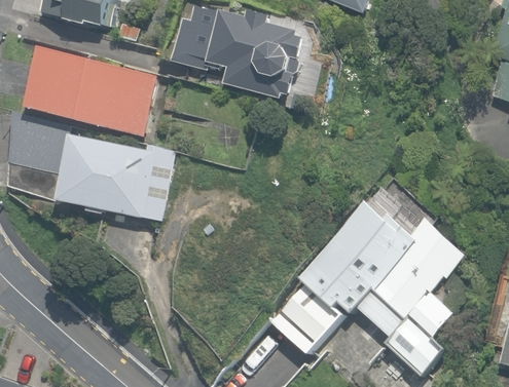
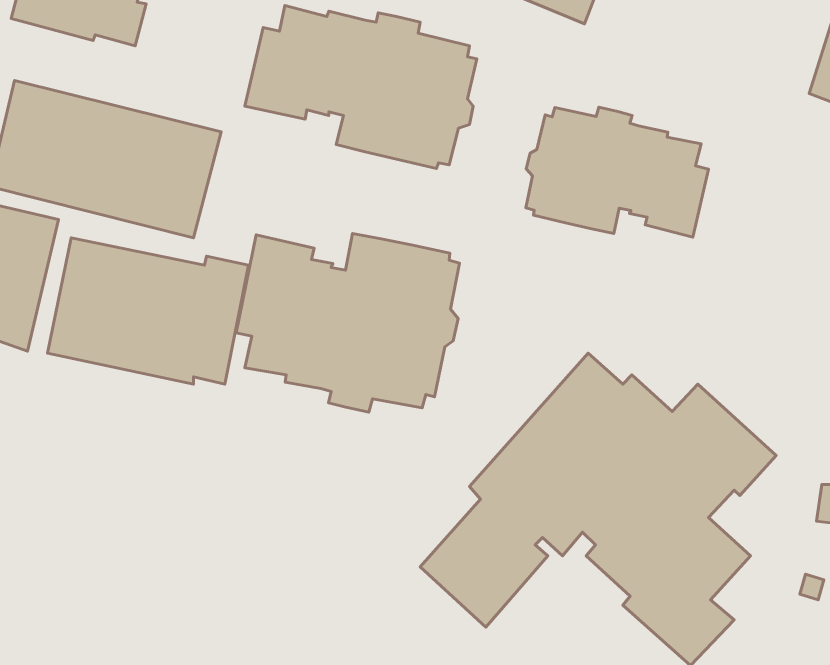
building: none -> [526,107,709,237]
building: none -> [236,234,459,412]

